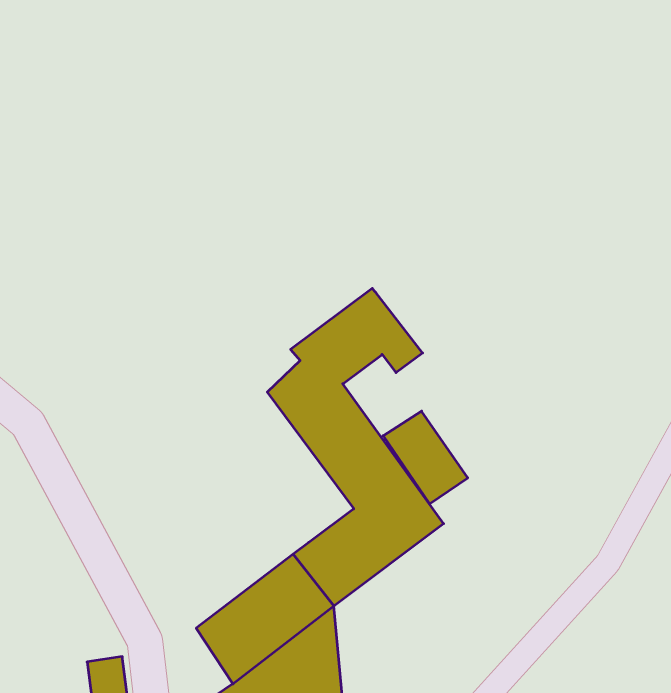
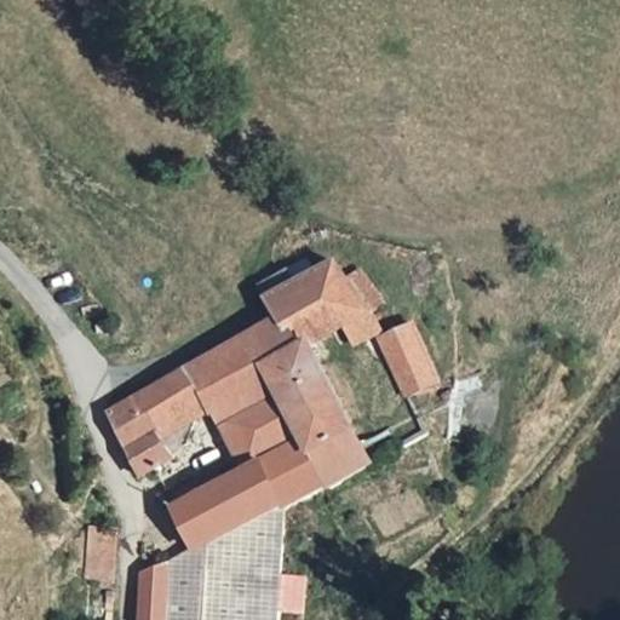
building: none -> [99,334,302,483]
building: [383,411,468,504] -> [378,323,438,396]

